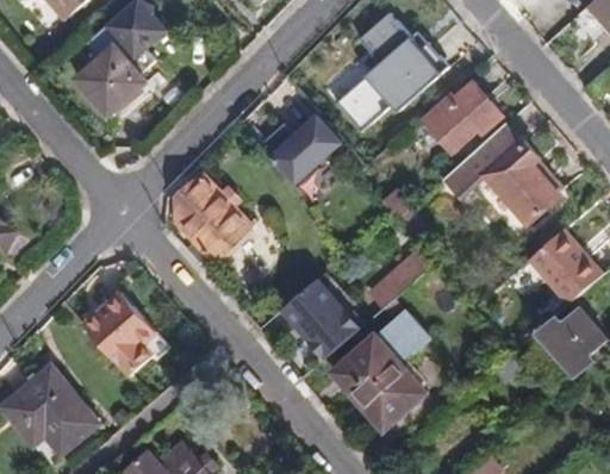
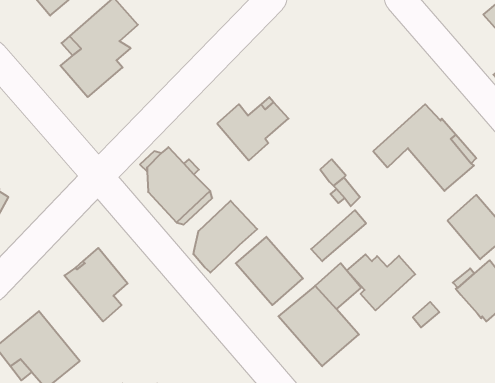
building: [334,13,447,131] -> none
building: [421,82,502,151] -> none
building: none -> [193,201,257,273]
building: none -> [347,254,415,310]

